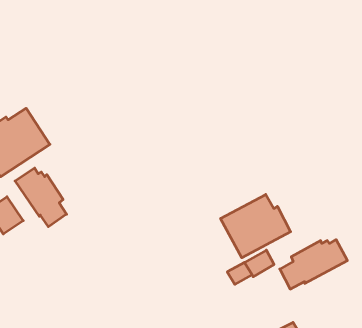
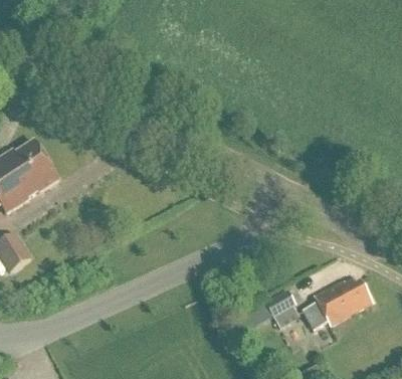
building: [15,168,67,227] -> none
building: [221,194,291,258] -> none

